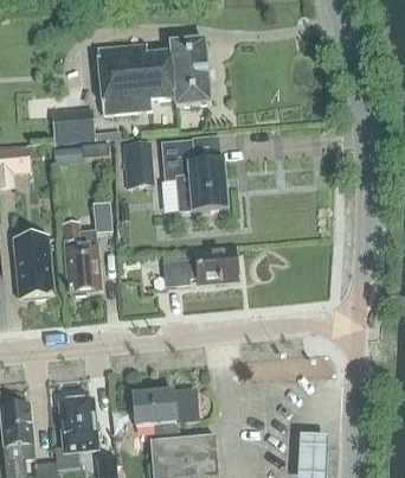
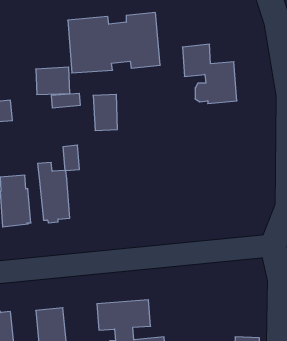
building: [160,138,226,210] -> [182,44,237,104]
building: [162,247,237,285] -> none

